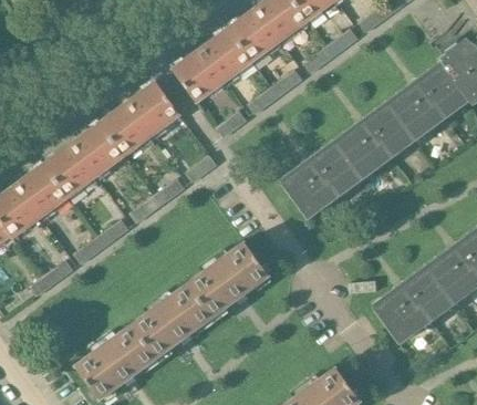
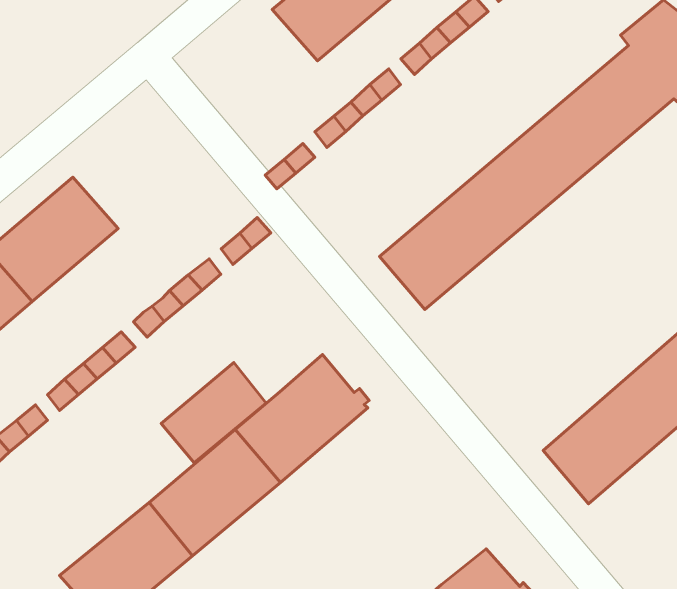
building: [172,29,252,103] -> none
building: [98,82,179,156] -> none
building: none -> [161,362,266,463]

